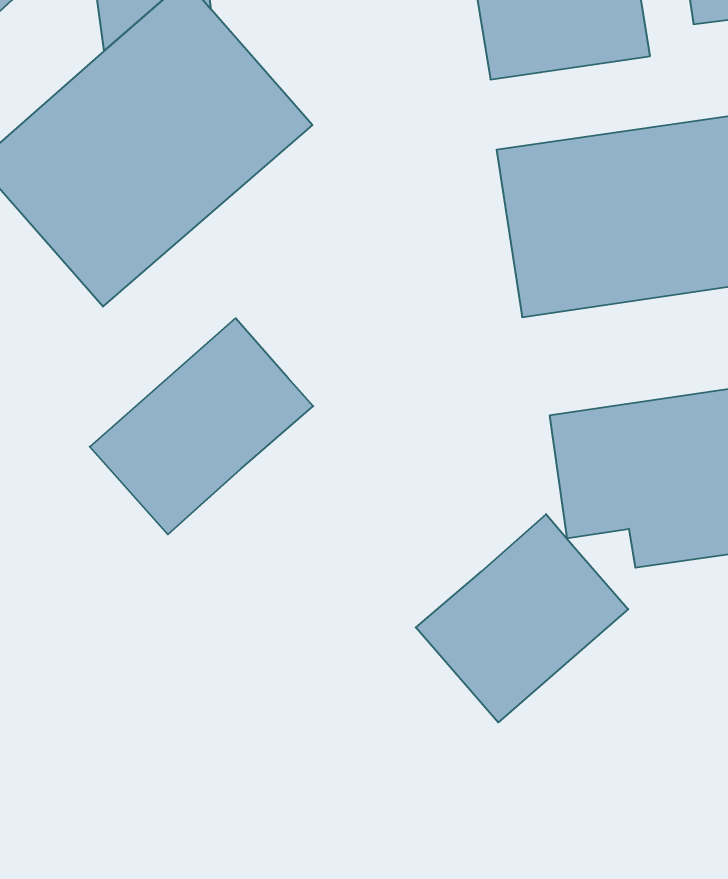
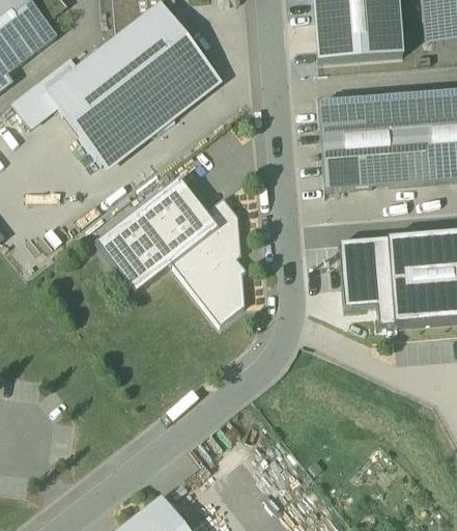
building: none -> [174,197,242,319]
building: [416,514,628,722] -> none

